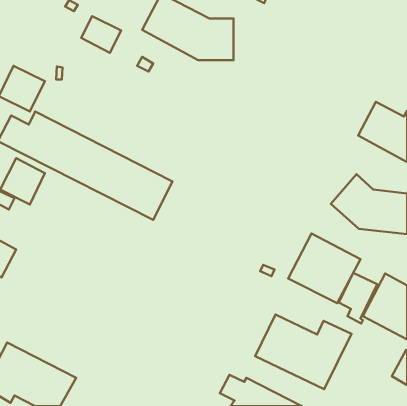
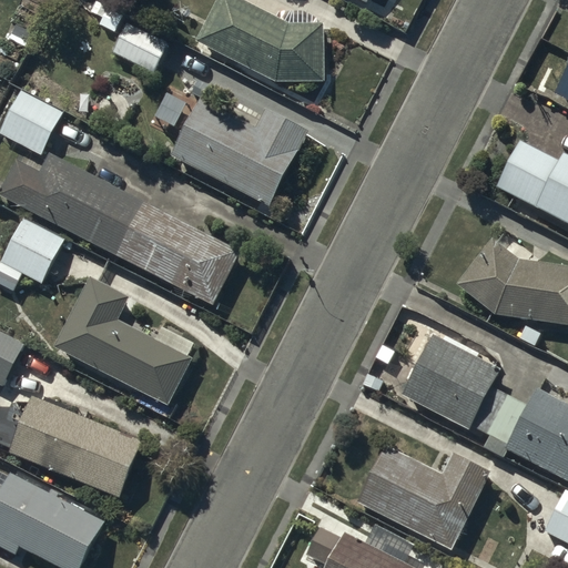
building: none -> [171,99,308,207]
building: none -> [53,278,192,408]
building: none -> [9,398,141,499]

